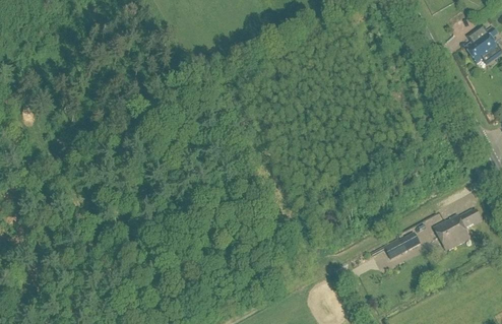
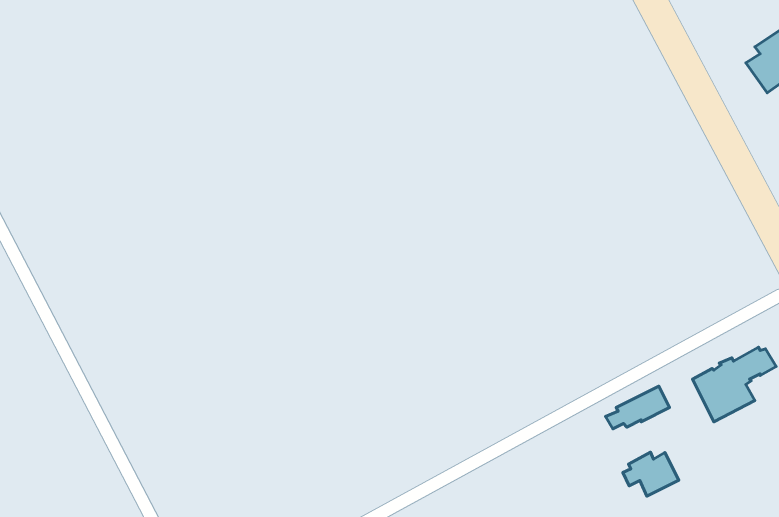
building: none -> [623,452,679,496]

